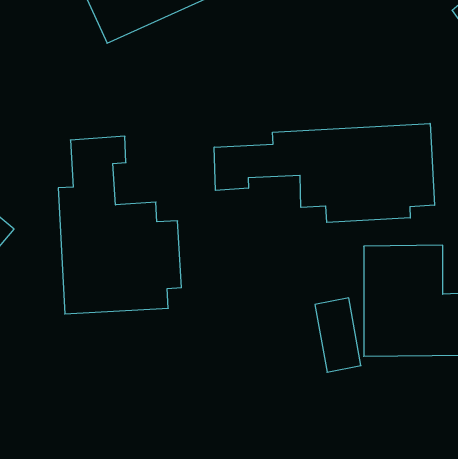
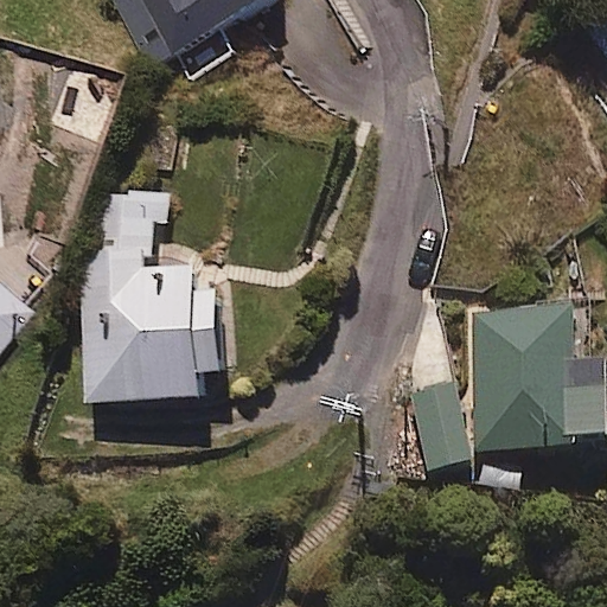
building: [214,123,435,222] -> none

